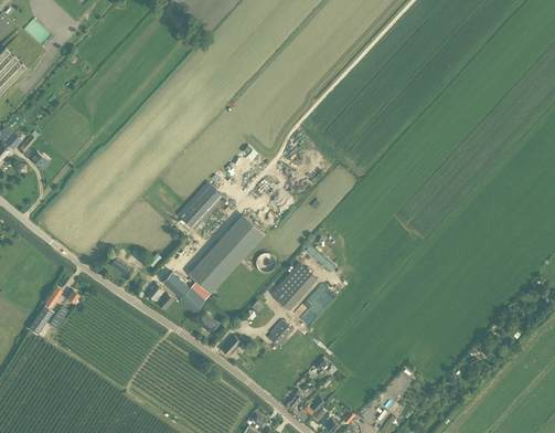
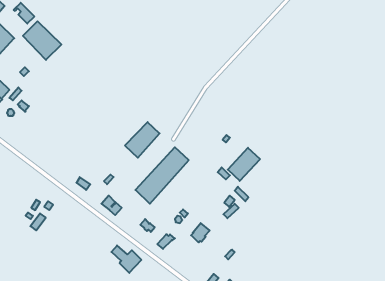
building: none -> [23,21,61,60]
building: [270,262,314,307] -> [228,148,260,181]
building: [167,274,207,311] -> [111,245,141,273]

